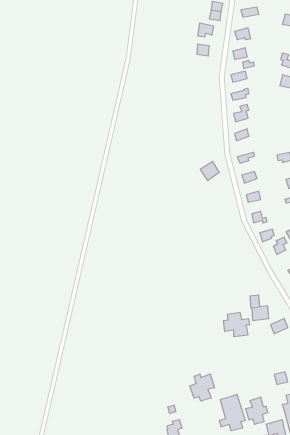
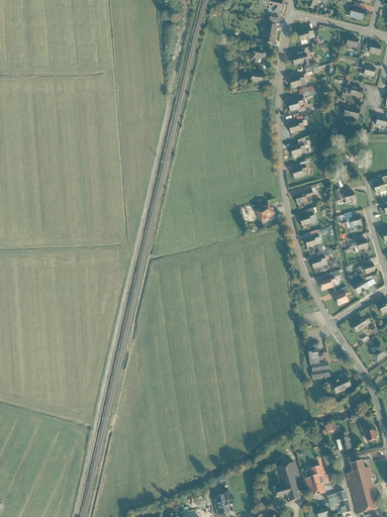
building: [224,312,250,337] -> none
building: [190,374,214,401] -> none

